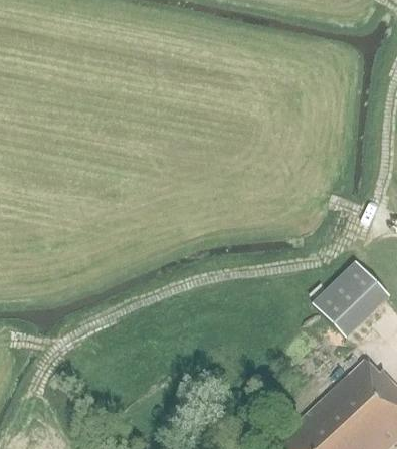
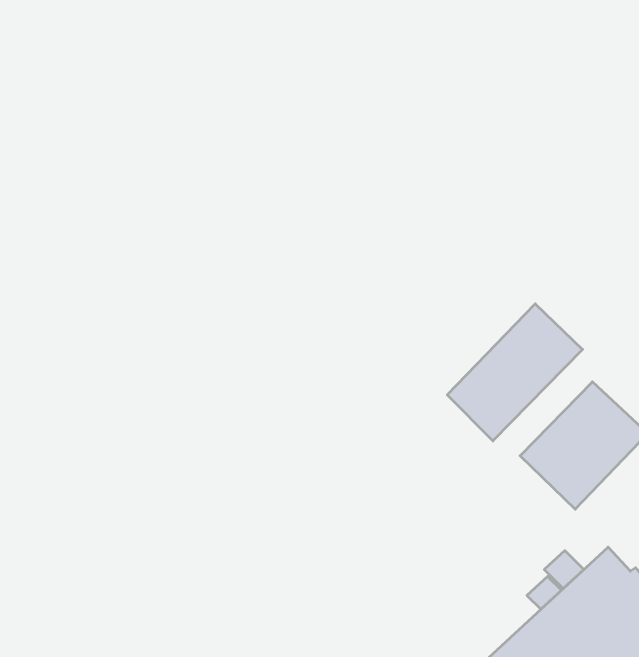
building: none -> [447,304,583,441]

